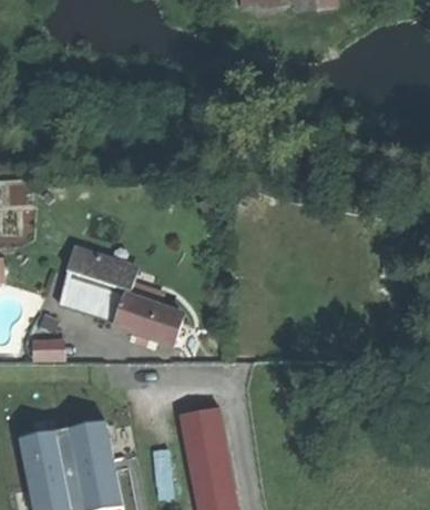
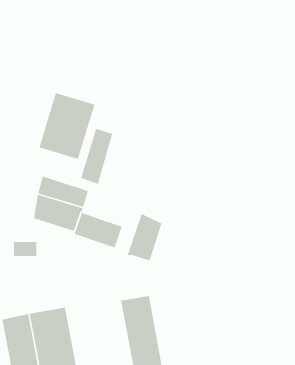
building: none -> [38,92,95,160]
building: none -> [80,128,113,185]
building: none -> [127,213,163,261]

